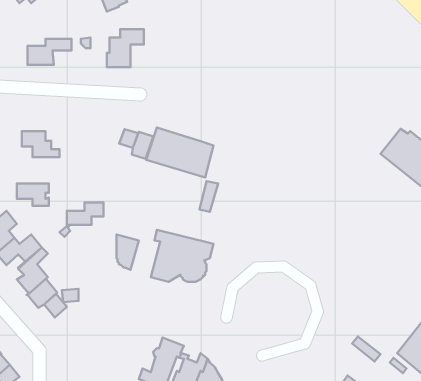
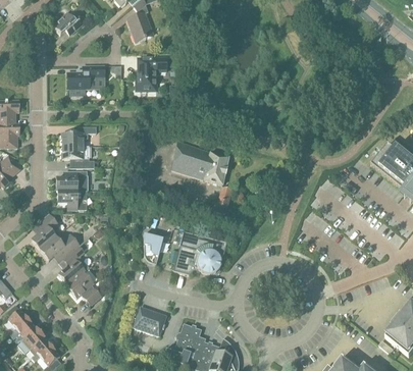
building: none -> [62,125,96,145]
building: [119,129,153,159] -> none
building: [67,202,103,226] -> [56,170,88,191]
building: none -> [133,306,166,335]

